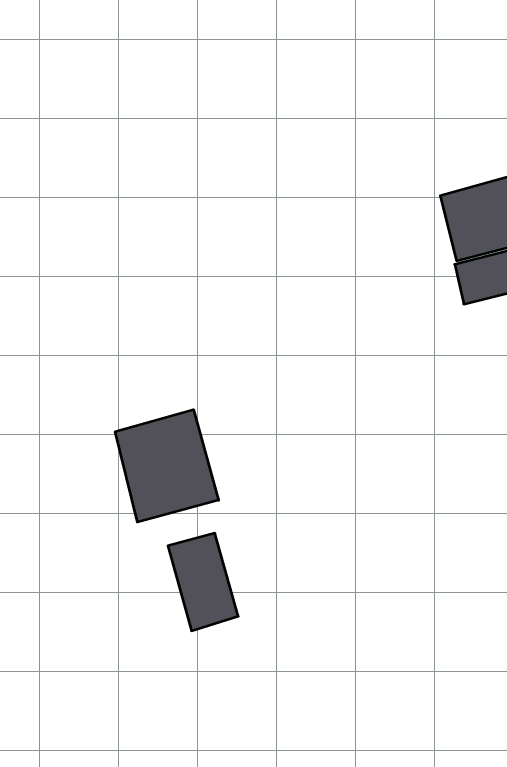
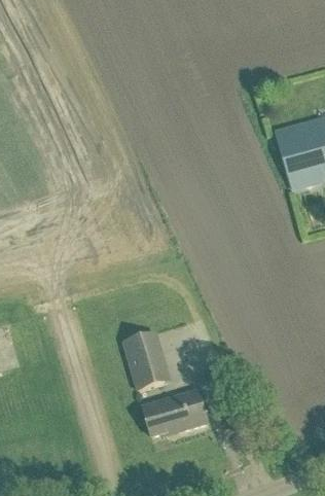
building: [115,410,219,522] -> none
building: none -> [142,389,207,435]

